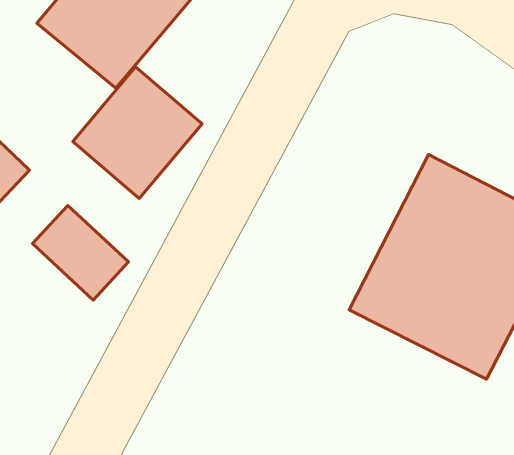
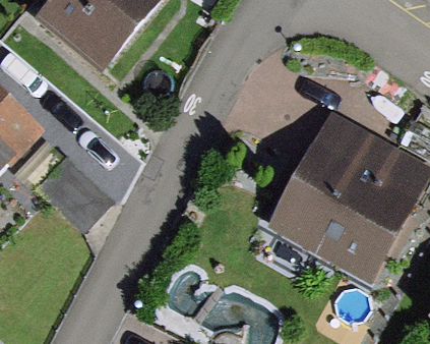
building: [73,67,202,199] -> none

